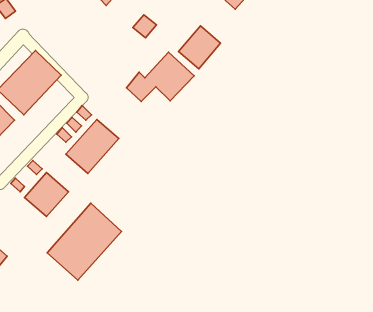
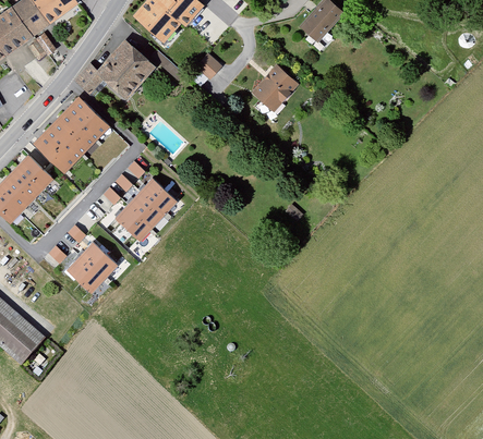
building: [126,52,194,102] -> [75,39,156,98]
building: [47,203,122,280] -> none

